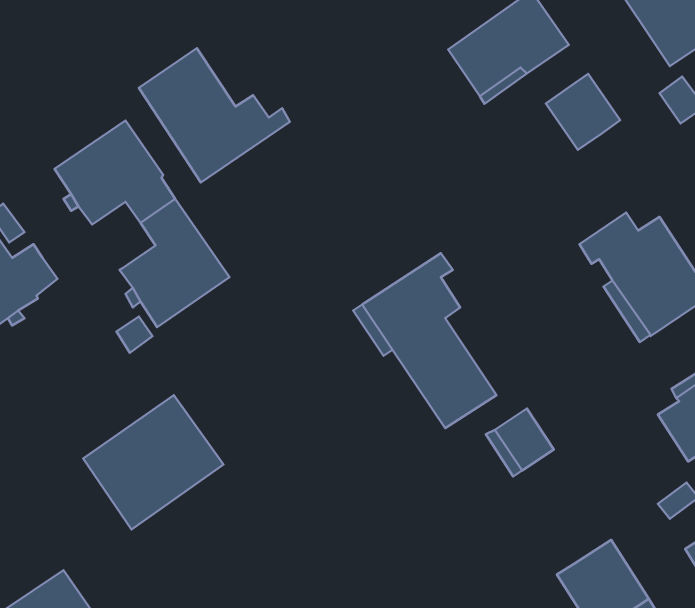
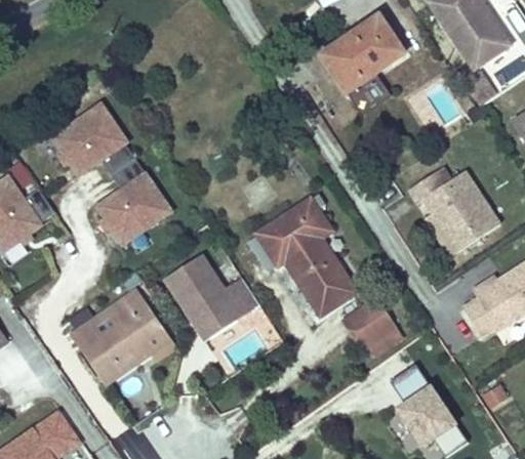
building: [139,48,290,182] -> none
building: [546,74,620,150] -> none
building: none -> [164,253,258,339]
building: none -> [393,367,433,406]

